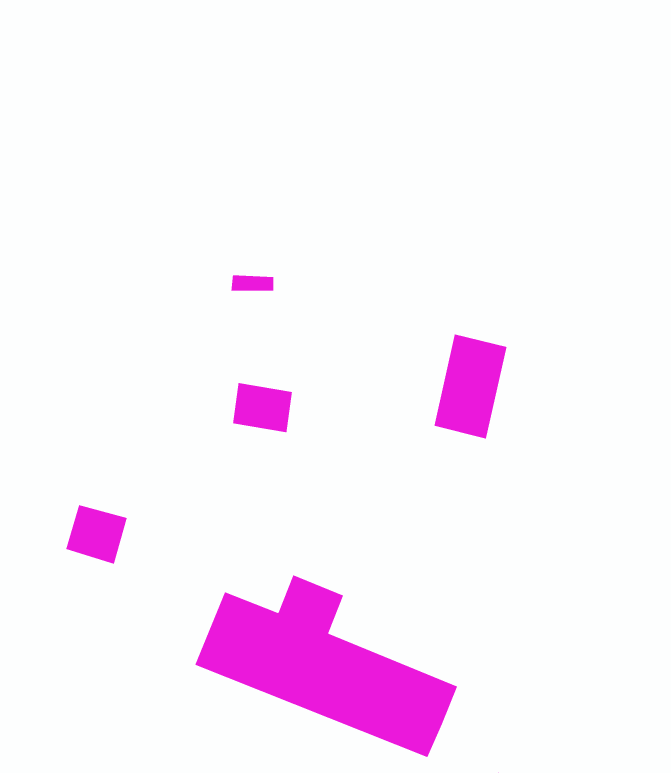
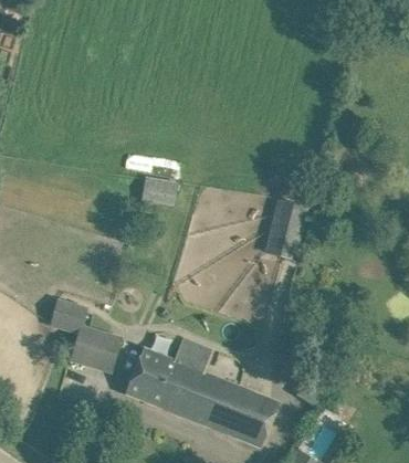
building: [232,382,293,433] -> [140,176,176,206]
building: none -> [77,333,118,367]

